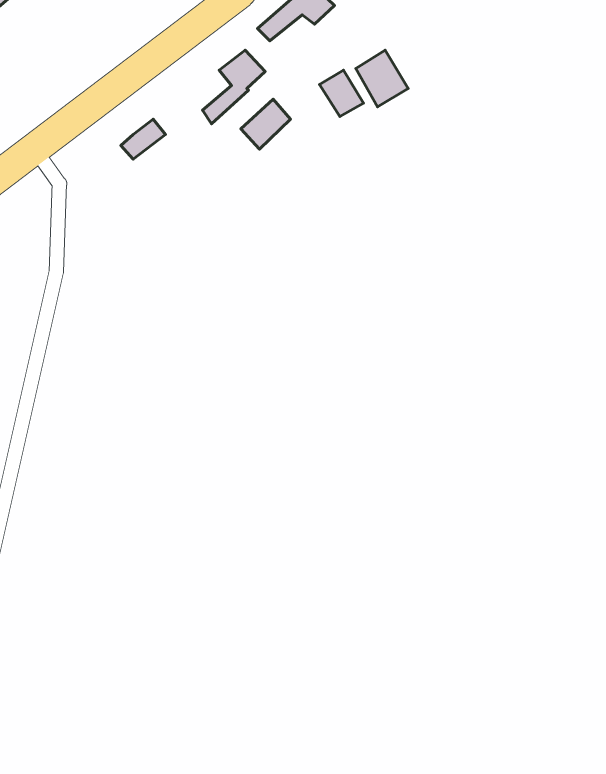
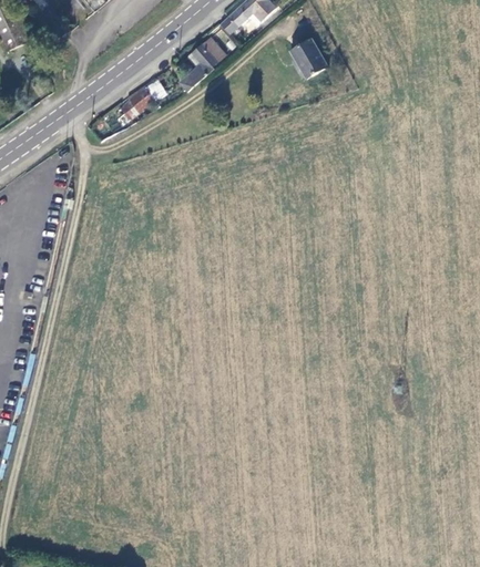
building: [319,70,363,116] -> none
building: [241,99,291,149] -> none

